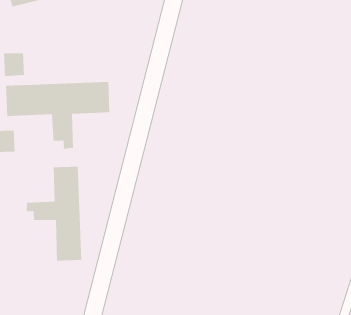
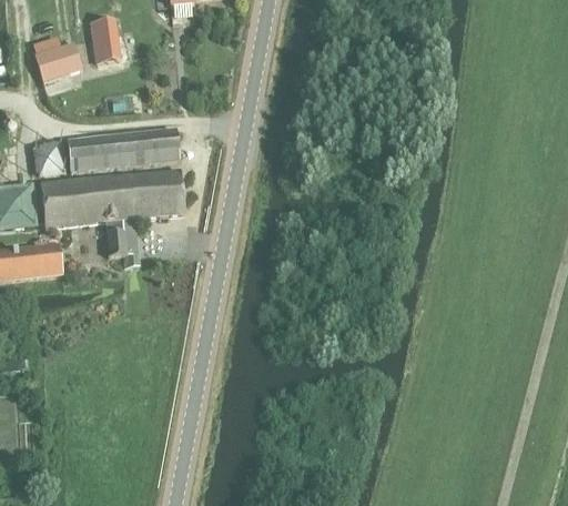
building: none -> [67,126,180,171]
building: [26,166,82,261] -> none

